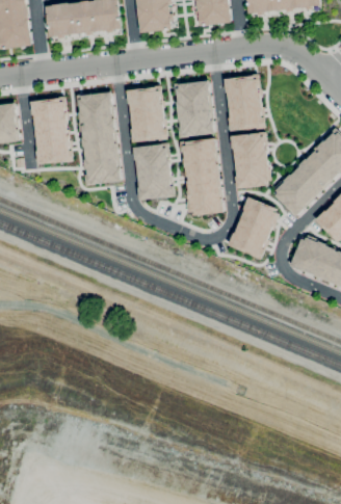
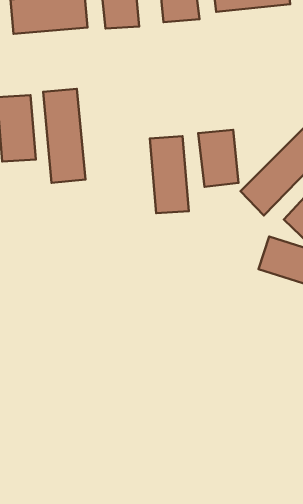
building: [224,75,264,131] -> none
building: [175,80,214,137] -> none
building: [128,86,165,141] -> none
building: [135,143,173,200] -> none
building: [231,198,278,258] -> none

